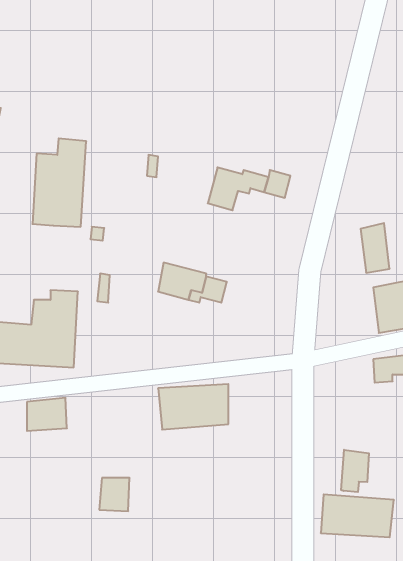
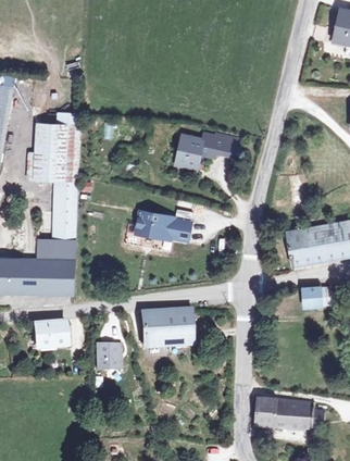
building: [361,223,390,273] -> [287,230,310,270]
building: none -> [51,182,75,234]
building: [341,450,369,492] -> none
building: [99,478,130,511] -> [91,342,115,369]

